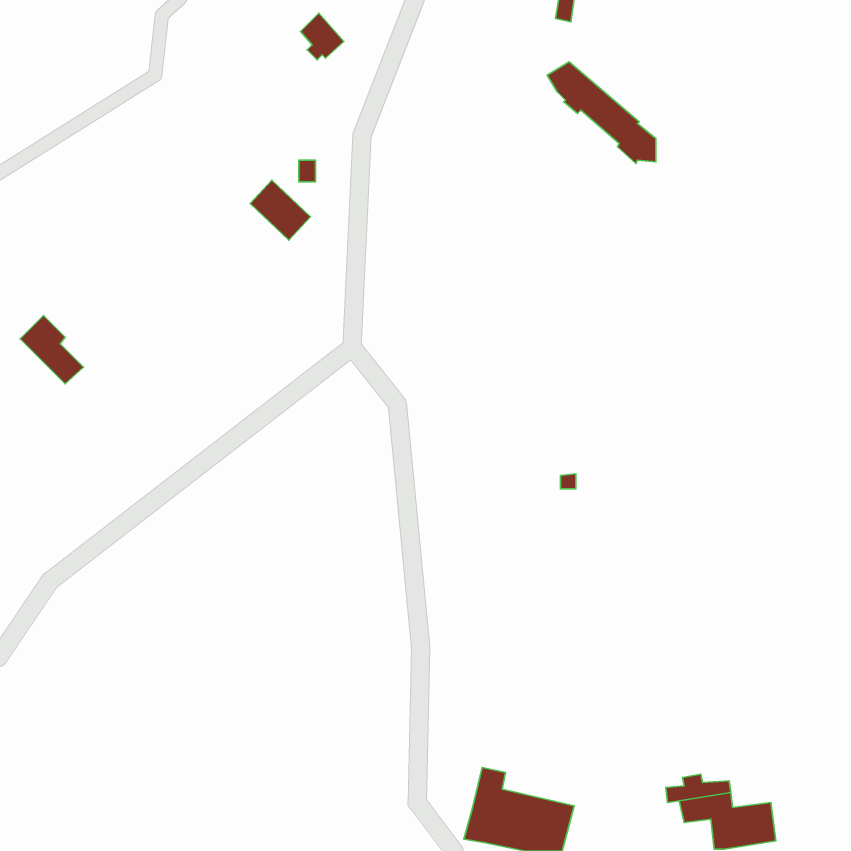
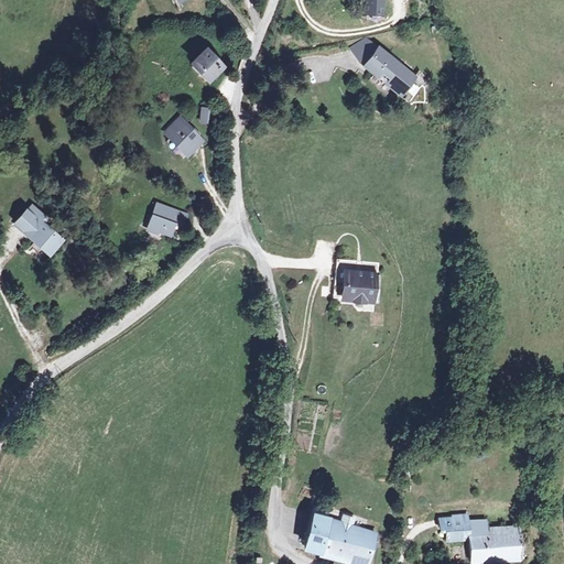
building: [301,13,344,60] -> [194,51,223,82]
building: none -> [141,205,180,234]
building: none -> [335,263,381,306]

